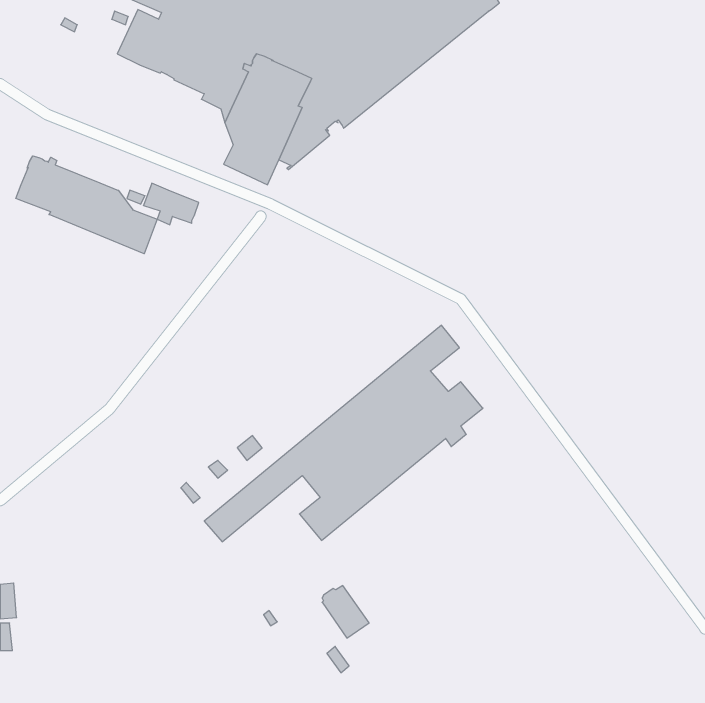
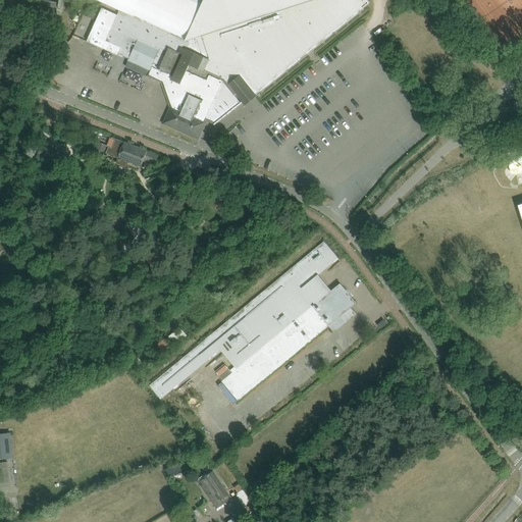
building: [16,156,157,254] -> none
building: [322,586,369,638] -> [198,470,232,509]

